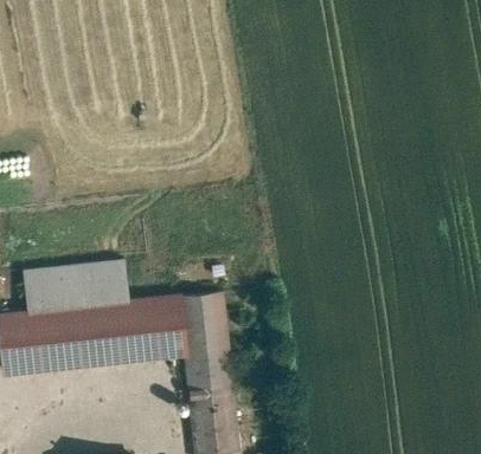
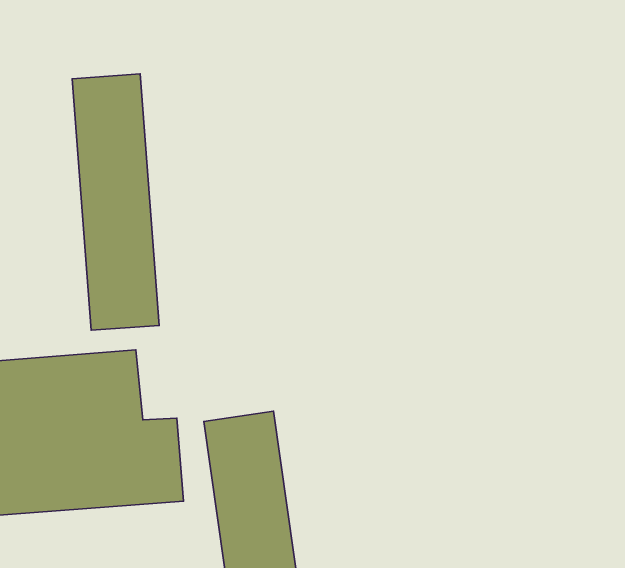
building: none -> [72,74,159,330]

